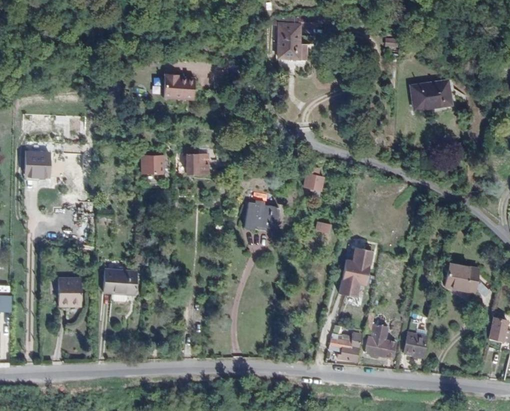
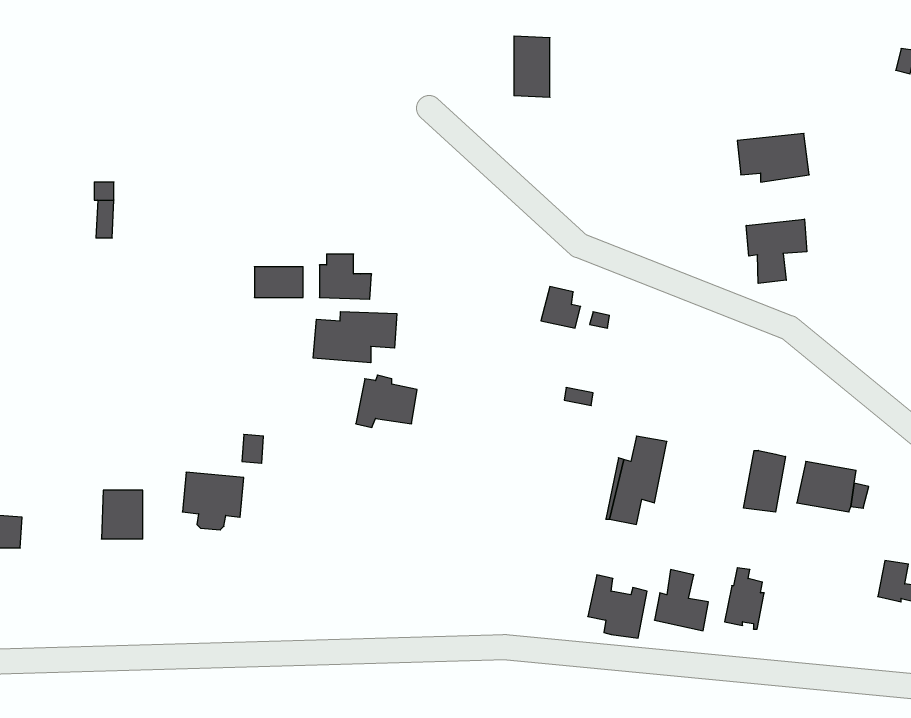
building: [164,73,194,97] -> none
building: none -> [746,219,807,283]
building: [25,151,45,176] -> none
building: none -> [313,312,397,363]
building: [244,200,278,229] -> [356,375,417,427]
building: none -> [744,450,785,512]

